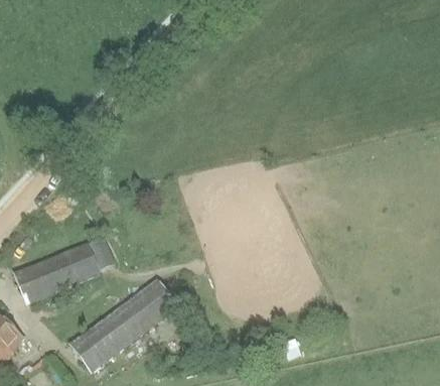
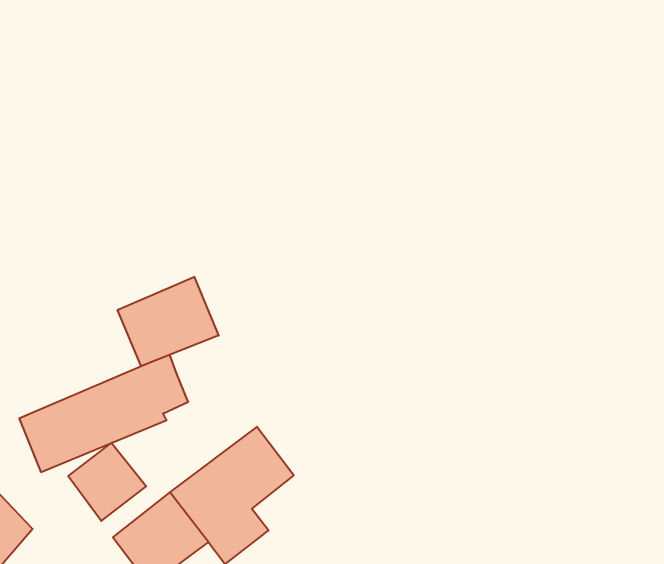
building: none -> [118,277,219,366]
building: none -> [68,443,146,521]

